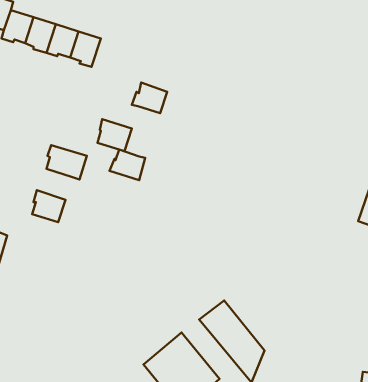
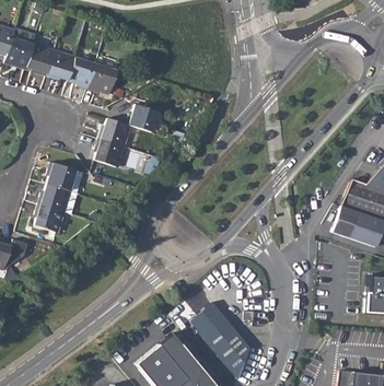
building: none -> [90,62,119,93]
building: [110,149,145,180] -> [100,117,132,145]
building: none -> [39,183,72,211]

